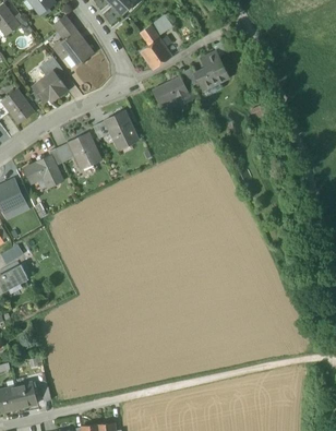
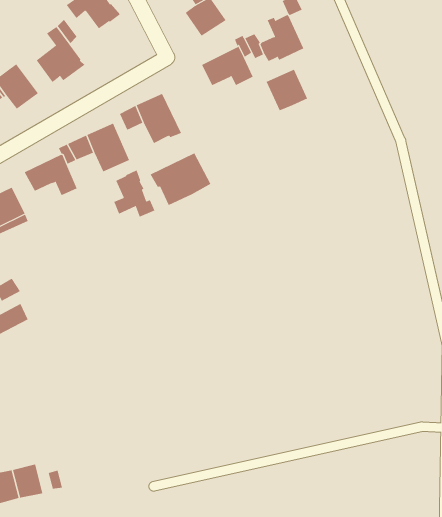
building: none -> [266,69,308,111]
building: none -> [150,152,211,206]
building: none -> [113,170,155,218]

